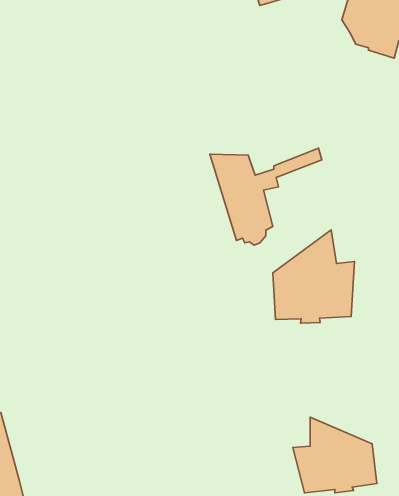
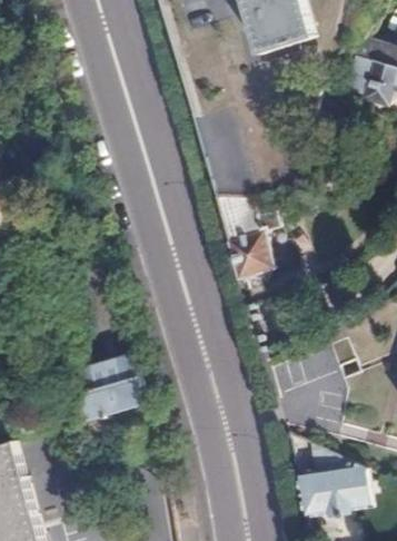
building: [273,230,355,323] -> none
building: none -> [68,356,146,423]

